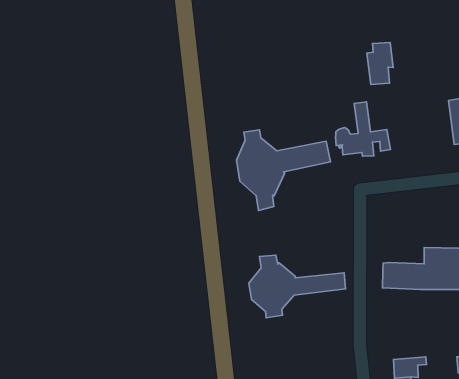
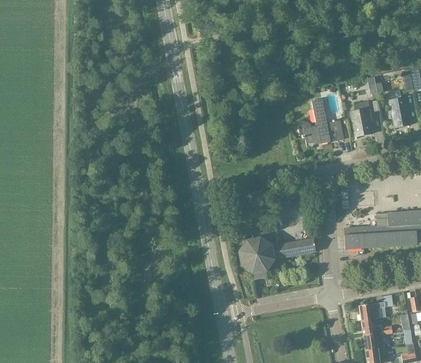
building: [367,42,393,84] -> [351,100,373,135]
building: [236,130,330,211] -> none

